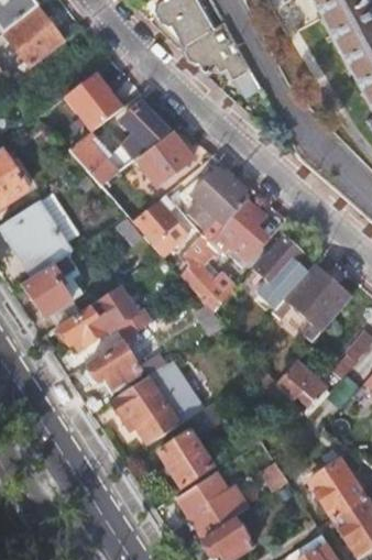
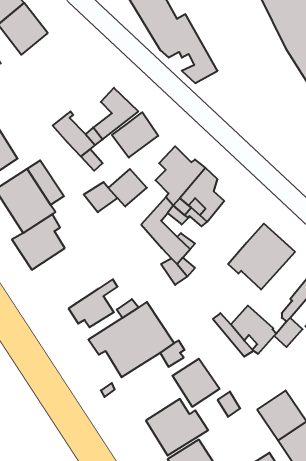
building: [58,77,118,136] -> none
building: [251,238,302,316] -> none
building: [57,288,149,348] -> none
building: [160,430,215,486] -> [172,359,220,407]

